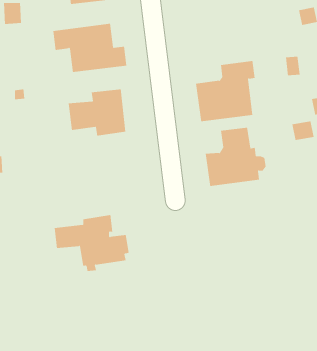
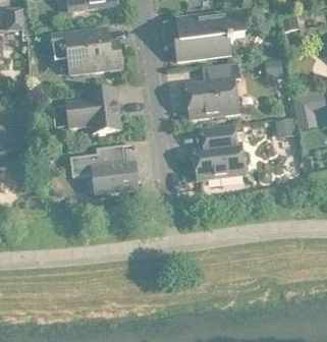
building: none -> [174,10,242,60]
building: [54,215,130,272] -> [68,145,139,197]

